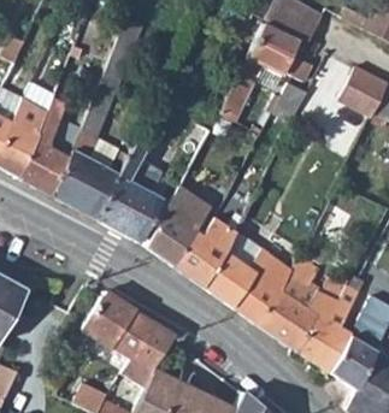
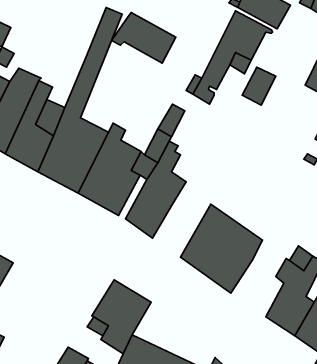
building: none -> [111,12,176,63]
building: [176,219,237,287] -> none
building: [260,254,323,350] -> none
building: [83,293,135,349] -> none

